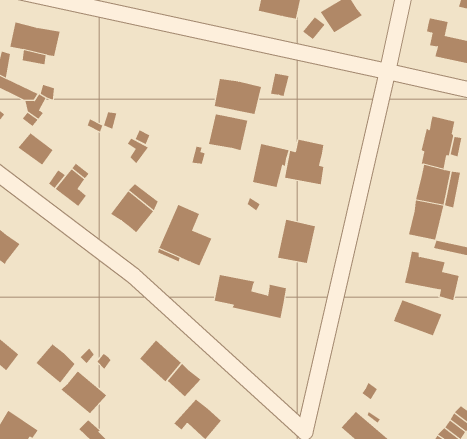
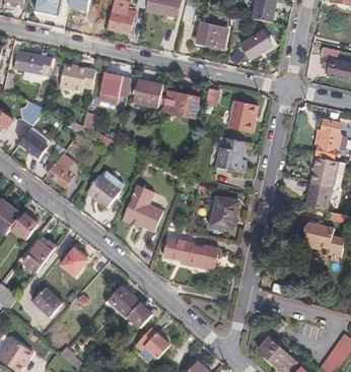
building: none -> [59,65,95,90]
building: none -> [97,71,130,102]
building: [208,114,248,151] -> [133,79,162,107]
building: [252,143,290,188] -> [227,99,255,131]
building: none -> [11,204,38,239]
building: none -> [21,236,55,271]
building: none -> [60,247,87,275]
building: [393,299,442,336] -> none
building: [61,371,107,414] -> none

